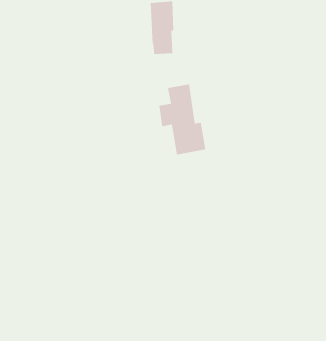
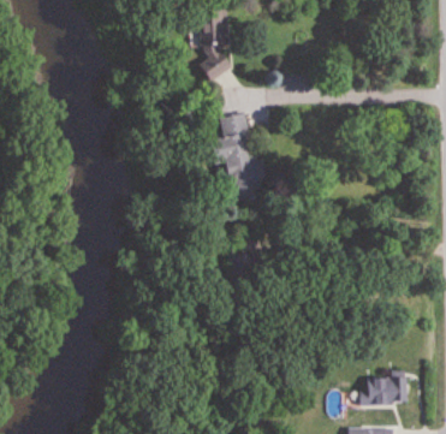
building: none -> [359,377,406,404]

